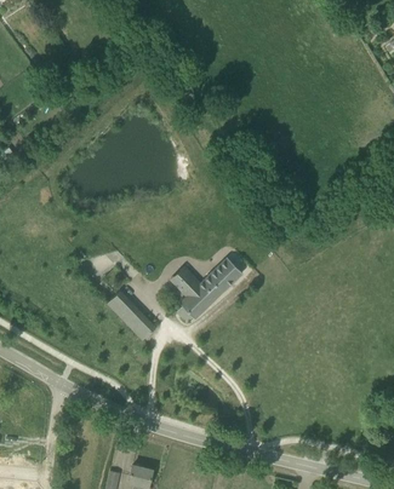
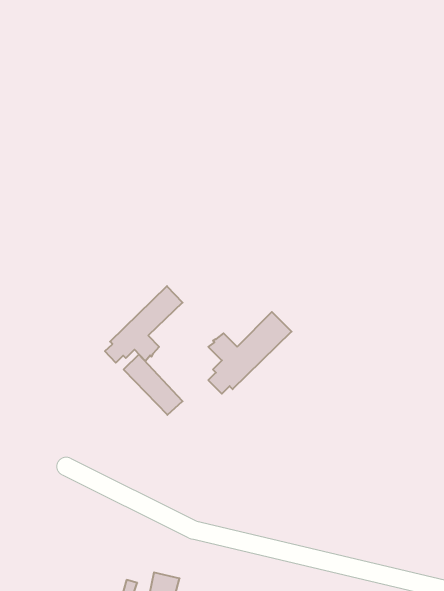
building: none -> [105,286,183,363]

